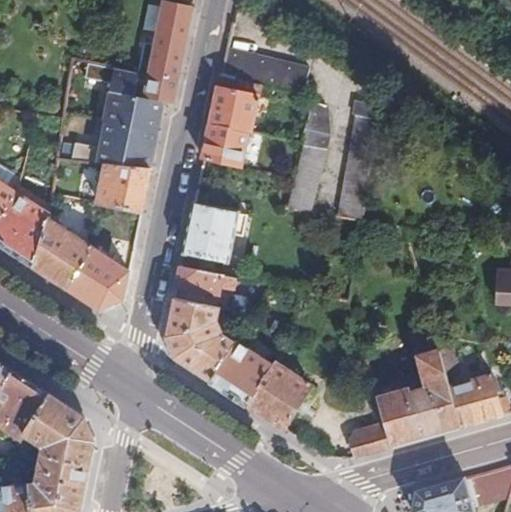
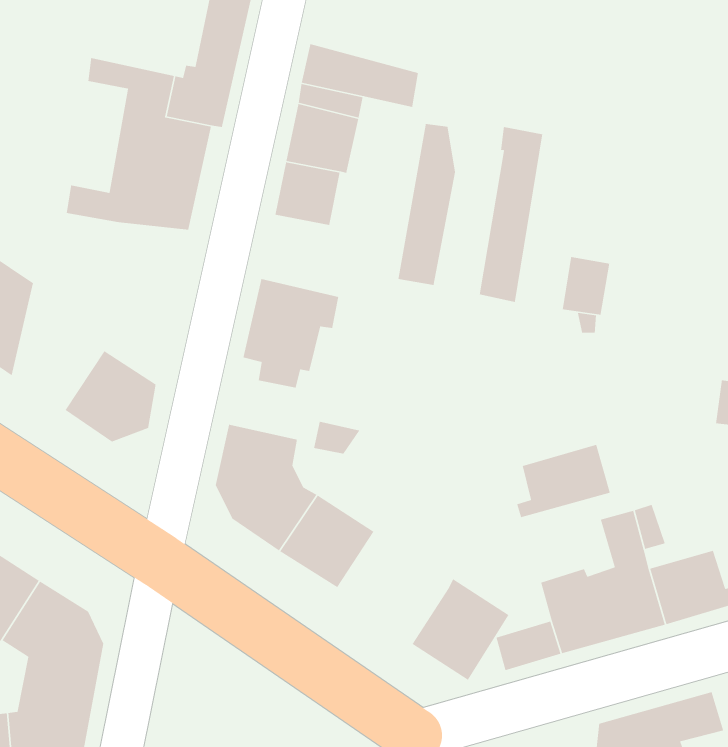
building: [96,166,148,210] -> none
building: none -> [562,256,610,315]
building: [33,218,93,288] -> none
building: [176,266,237,296] -> none
building: none -> [516,444,611,518]
building: [245,361,309,428] -> [411,578,510,681]

